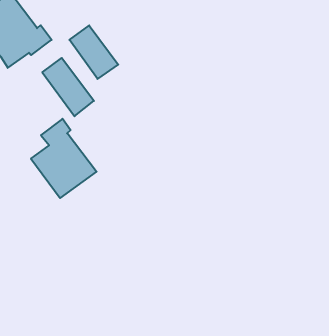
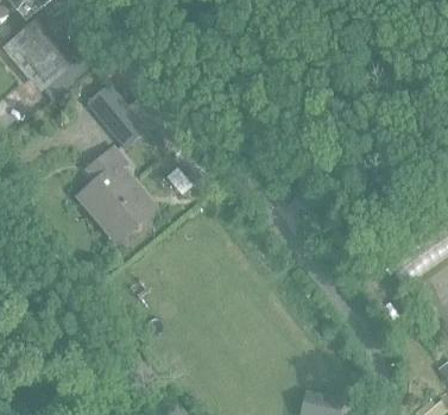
building: [69,25,118,79] -> none

